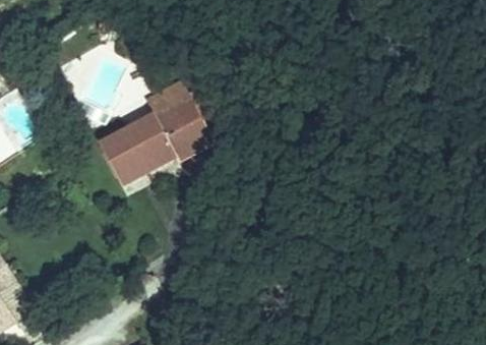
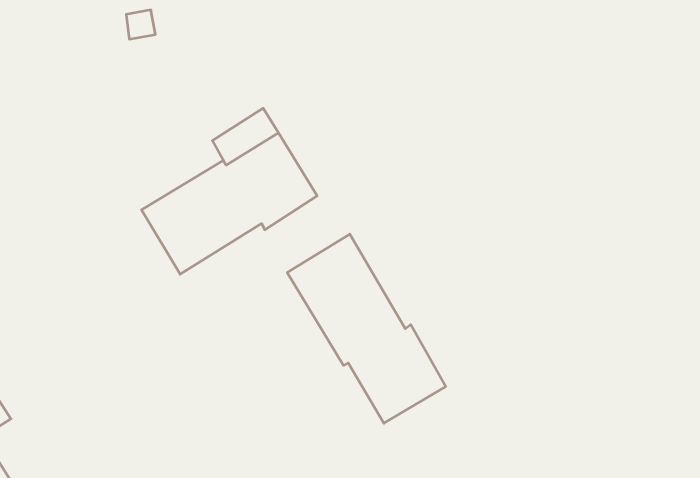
building: none -> [287,234,446,423]

